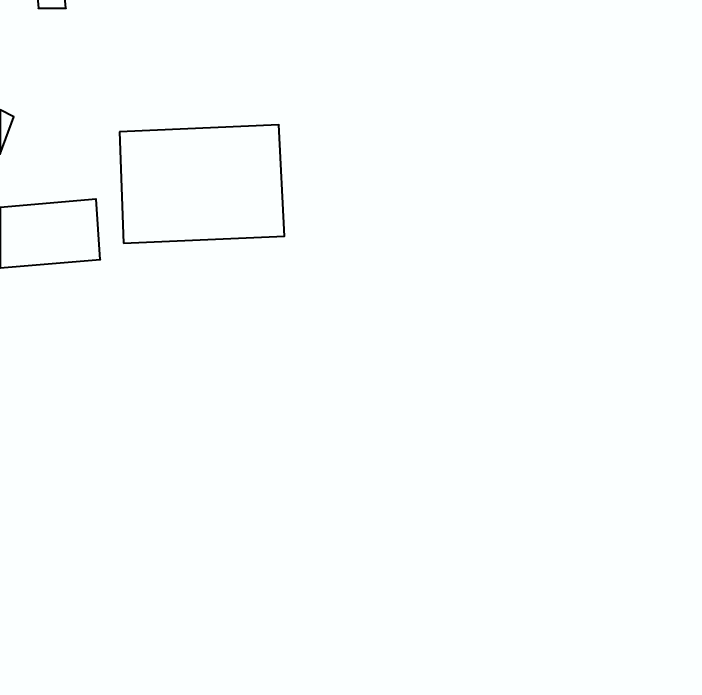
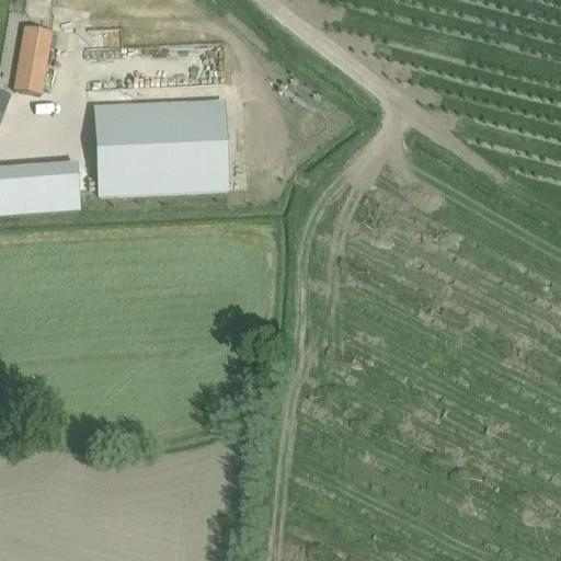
building: none -> [11,24,54,93]

